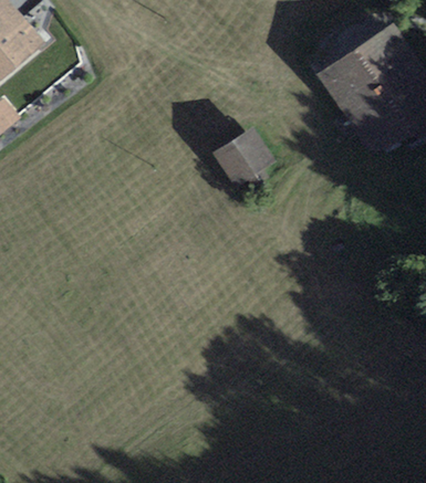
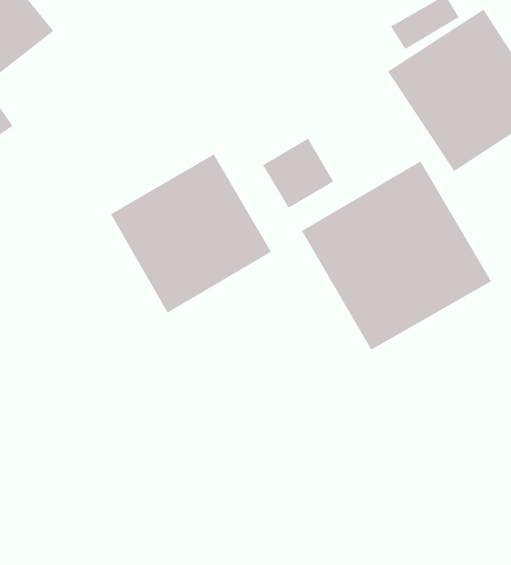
building: none -> [110,154,272,313]
building: none -> [301,160,492,351]

